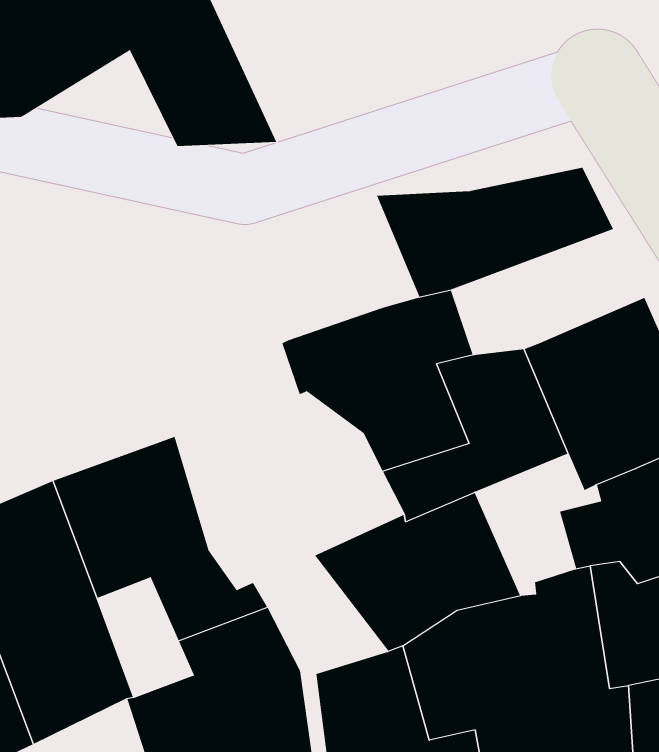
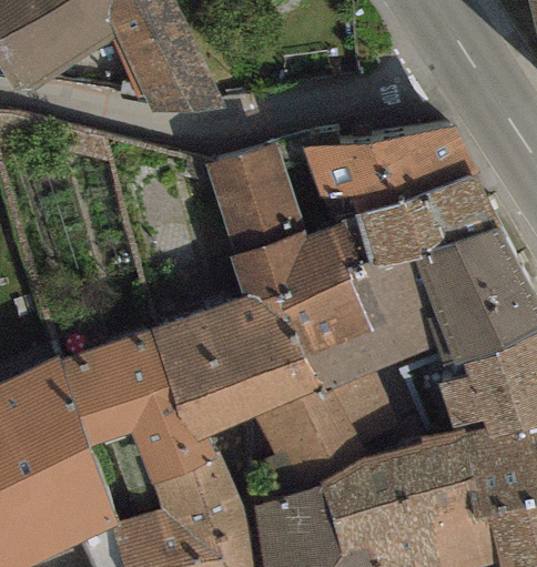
building: none -> [204,143,304,256]
building: none -> [356,173,501,267]
building: none -> [149,295,321,444]

